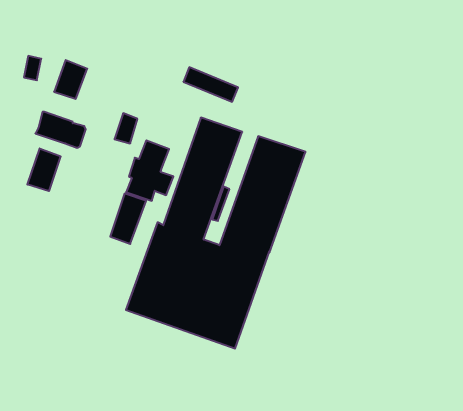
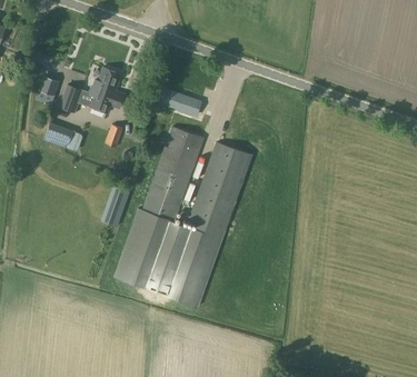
building: [126,140,173,201] -> [88,66,125,112]
building: [27,148,61,191] -> none

